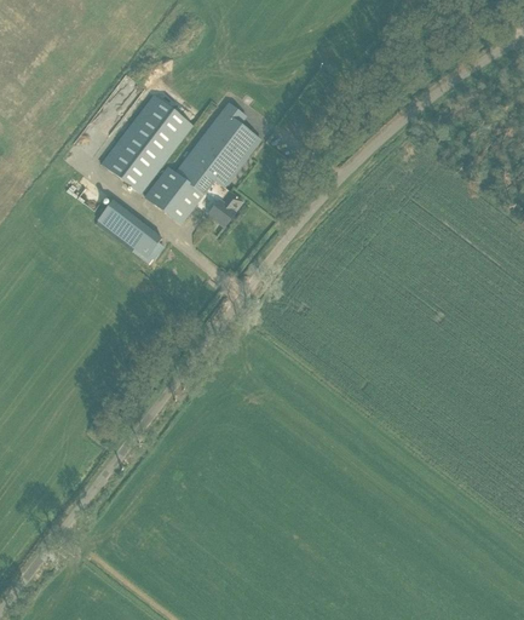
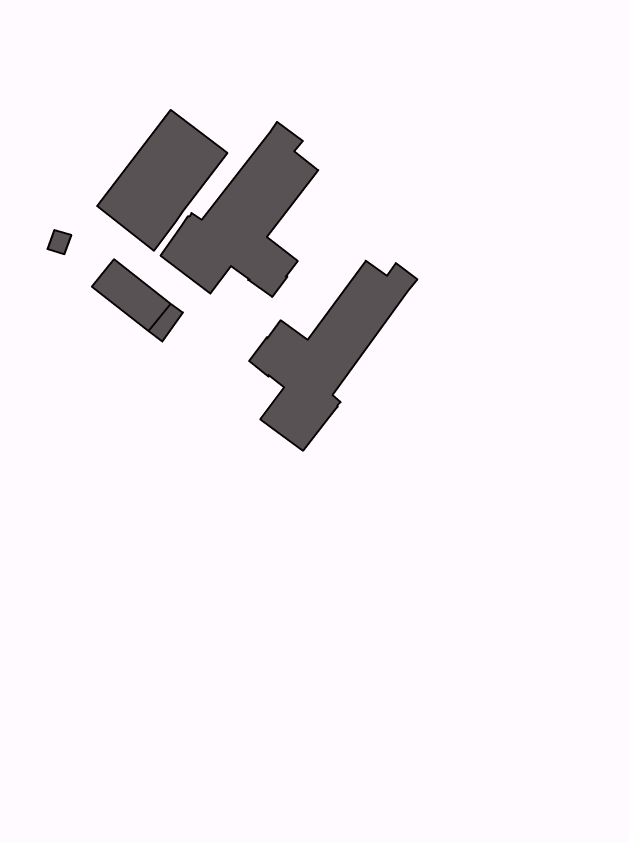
building: none -> [249,261,417,451]

